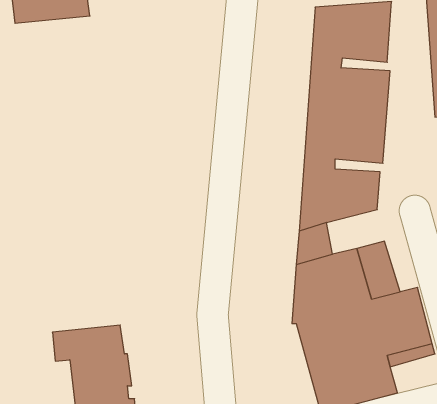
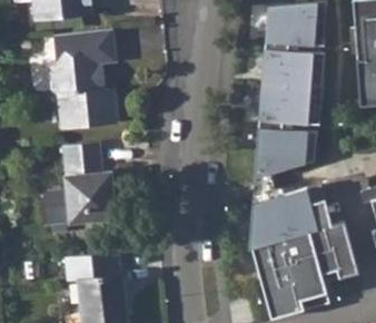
building: none -> [50,29,118,129]
building: none -> [43,143,116,225]

